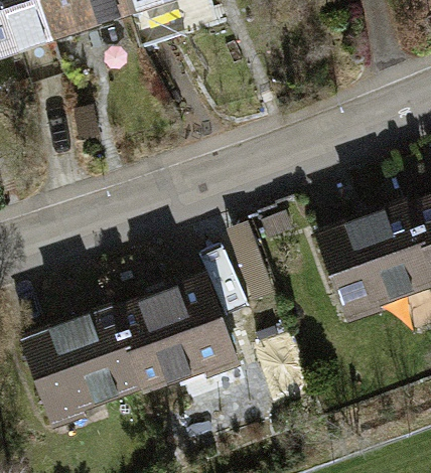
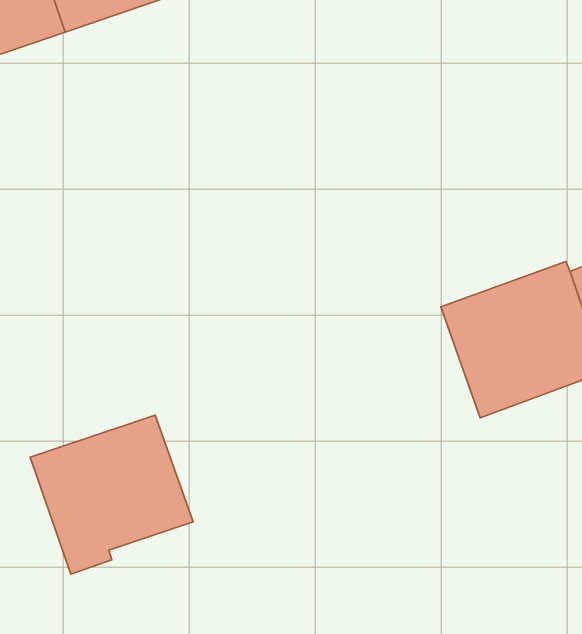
building: [115,278,239,386] -> none

